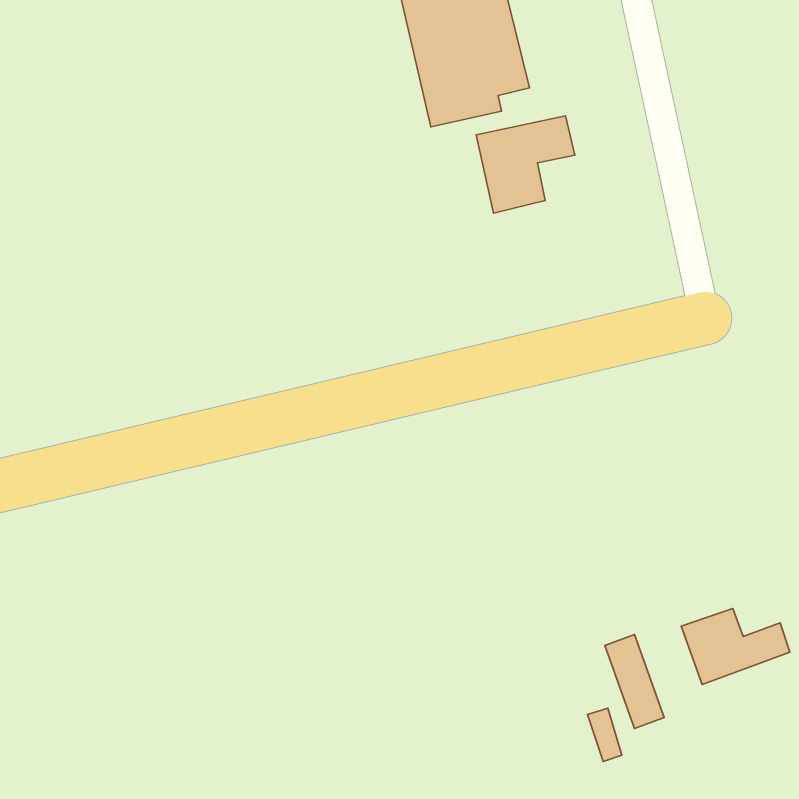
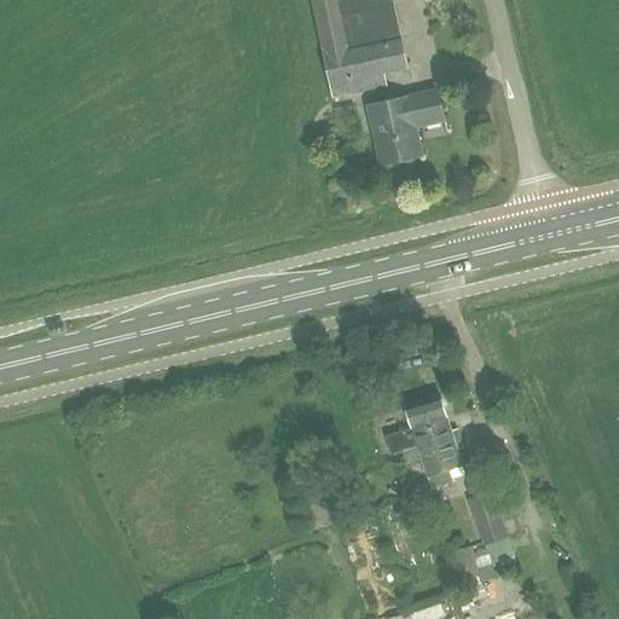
building: none -> [383,395,462,487]
building: [681,609,790,684] -> none

